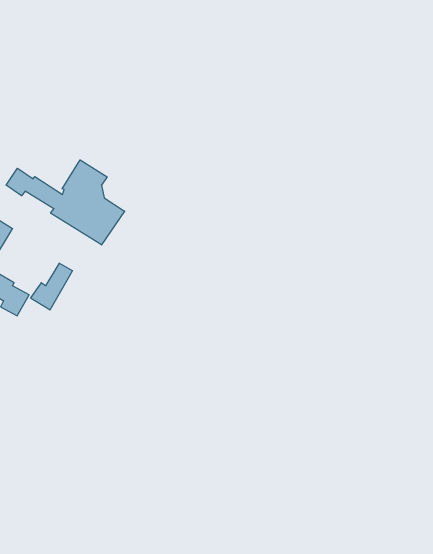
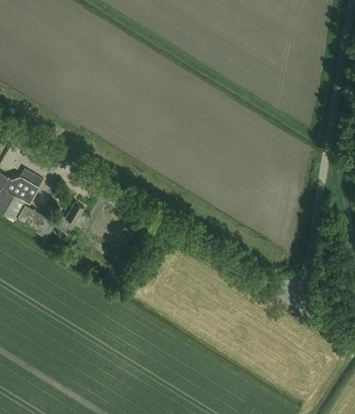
building: [6,160,125,245] -> none

